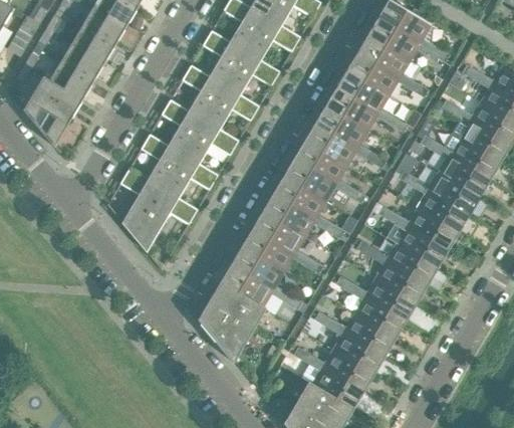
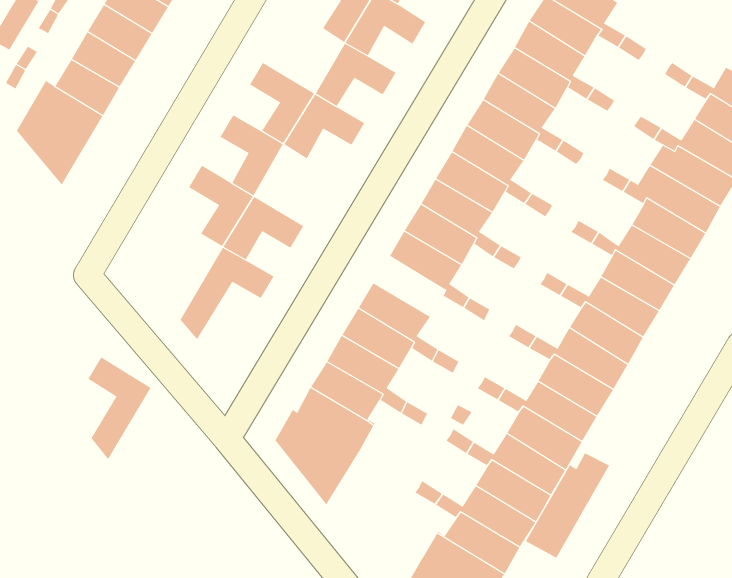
building: [201,29,244,84] -> none
building: [183,119,237,163] -> none
building: [118,167,162,237] -> [87,356,151,461]
building: [263,194,312,235] -> none
building: none -> [525,452,610,558]

